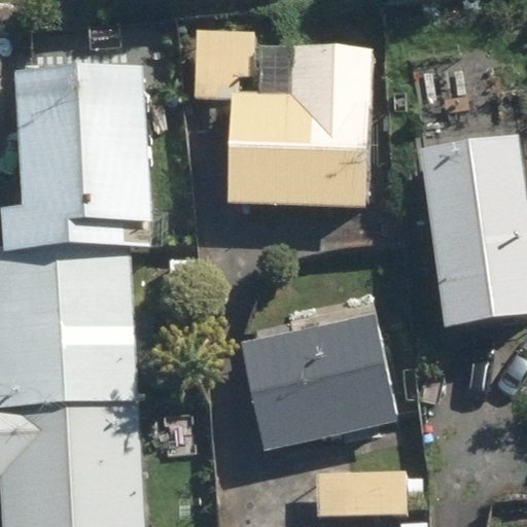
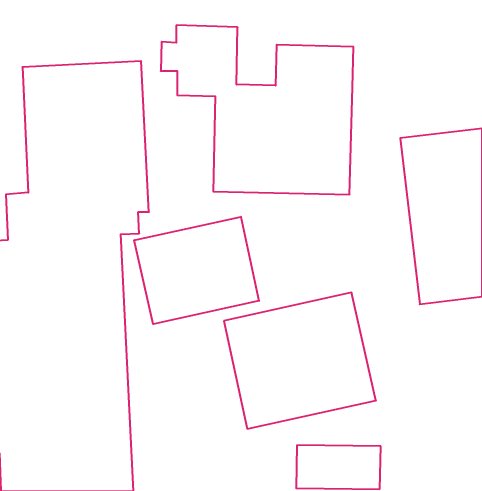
building: none -> [134,217,259,324]

